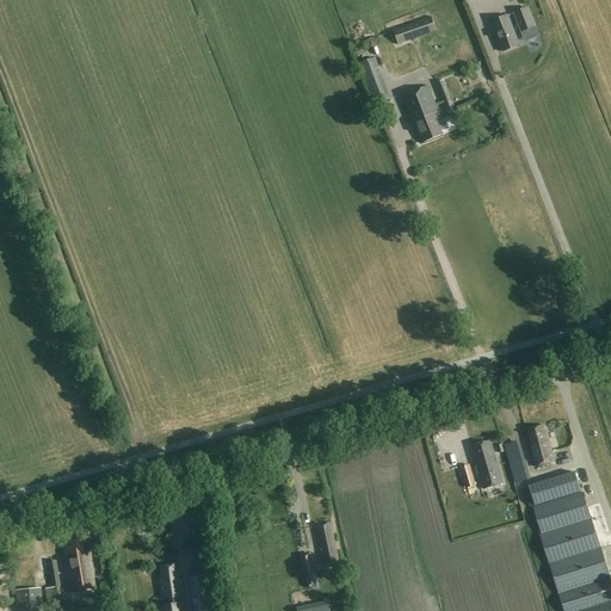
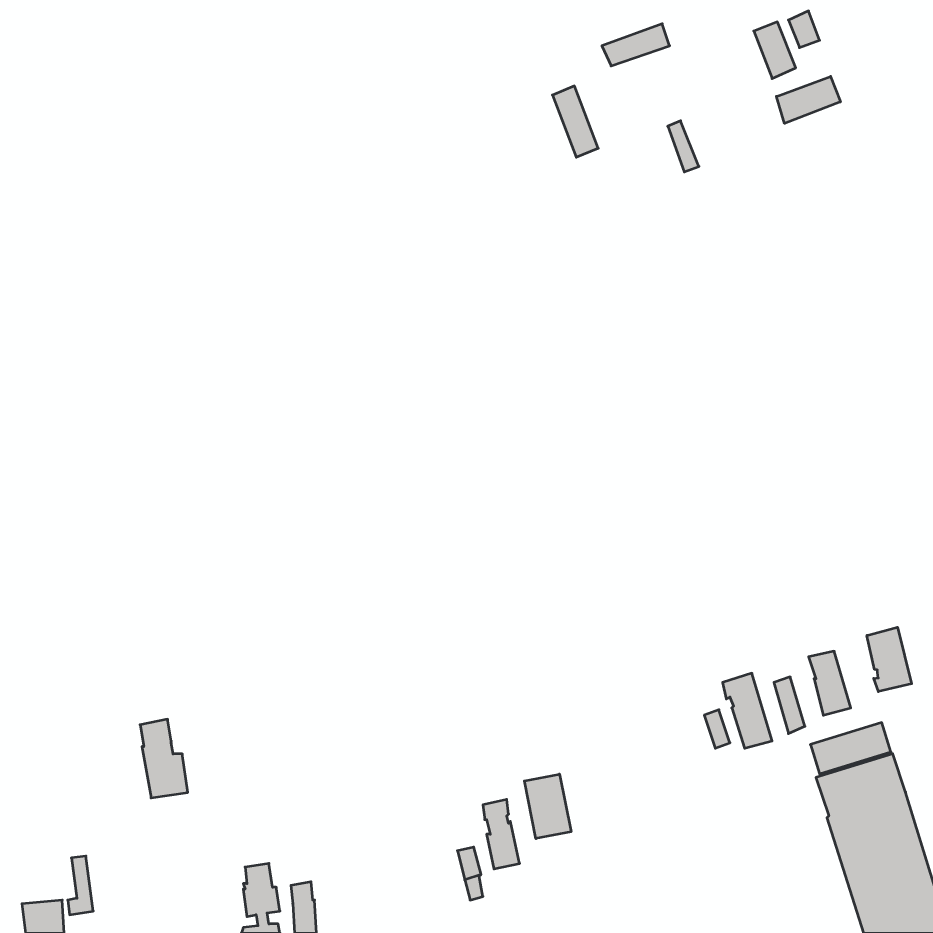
building: none -> [776,76,840,123]
building: [403,85,444,143] -> none
building: none -> [867,627,912,692]
building: none -> [524,774,571,839]
building: [63,537,94,588] -> [140,719,188,798]

